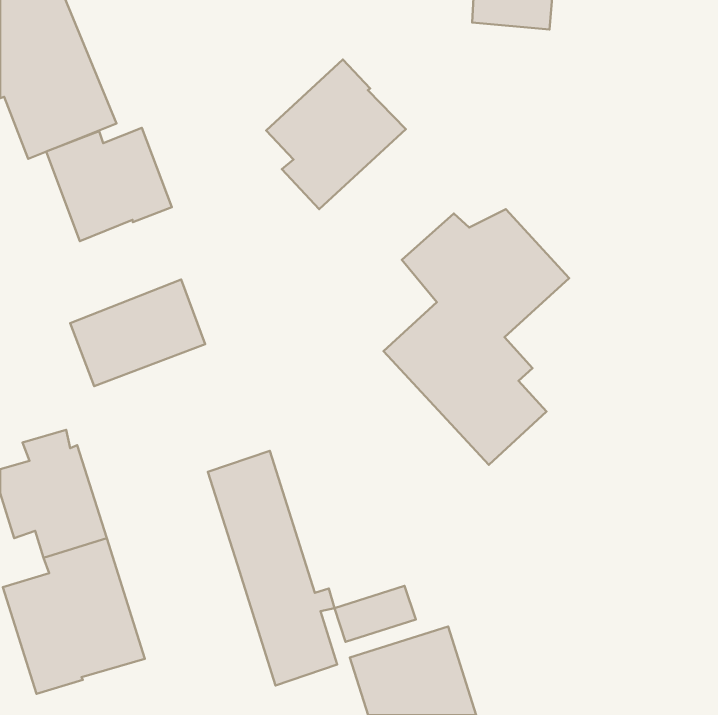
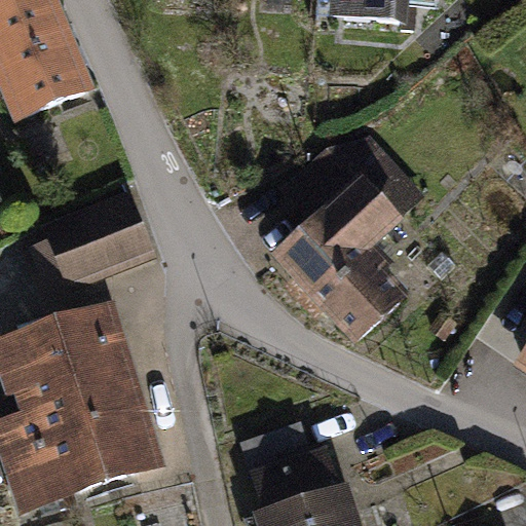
building: [266,60,406,209] -> none
building: [46,128,172,241] -> none
building: [208,451,337,686] -> [57,310,151,482]

